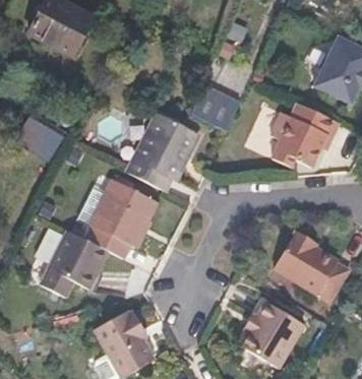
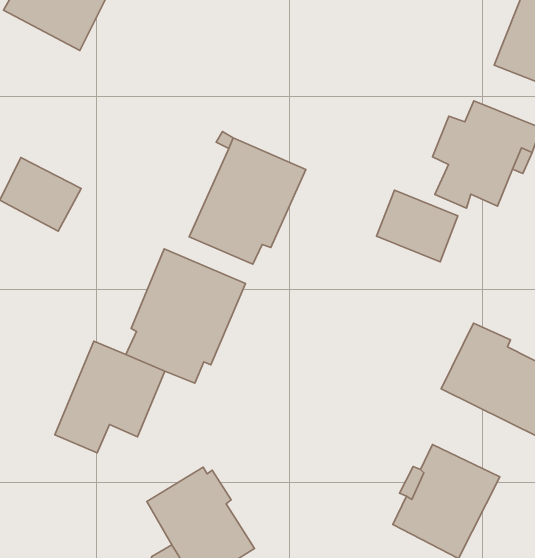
building: [190,88,239,132] -> [377,190,458,262]

